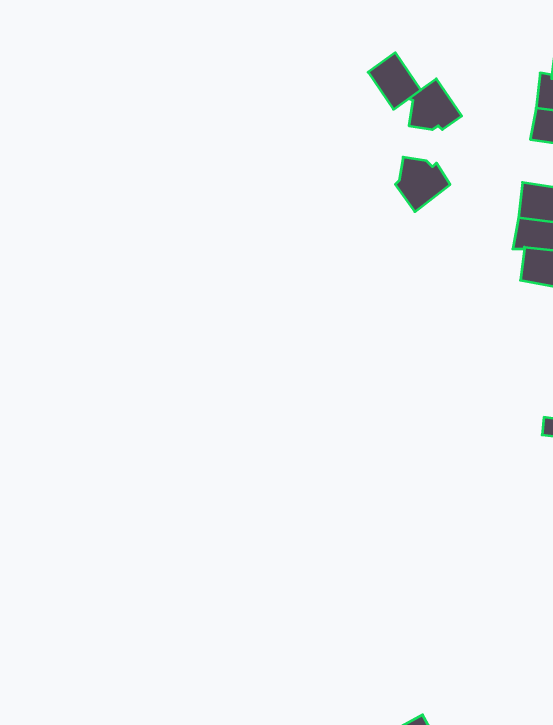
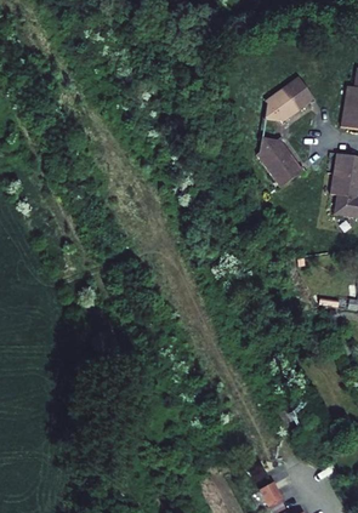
building: [368,53,421,109] -> [282,76,314,112]
building: none -> [268,154,303,187]

